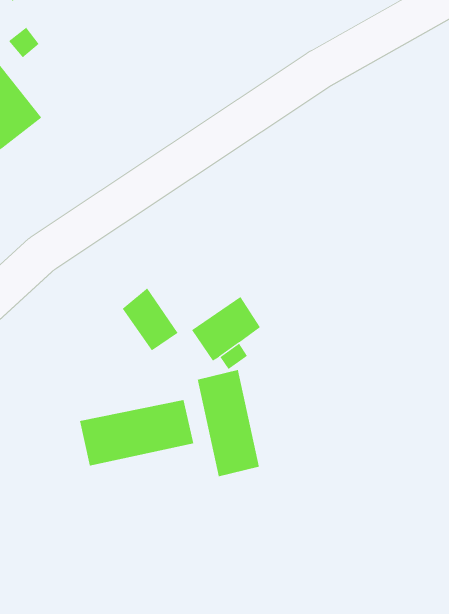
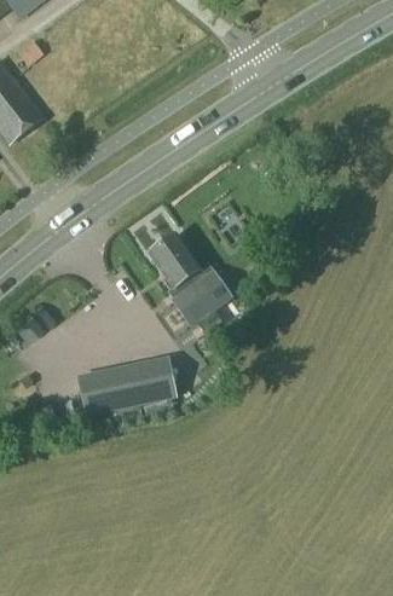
building: [122,288,179,351] -> [150,232,198,287]
building: [197,369,259,477] -> none

